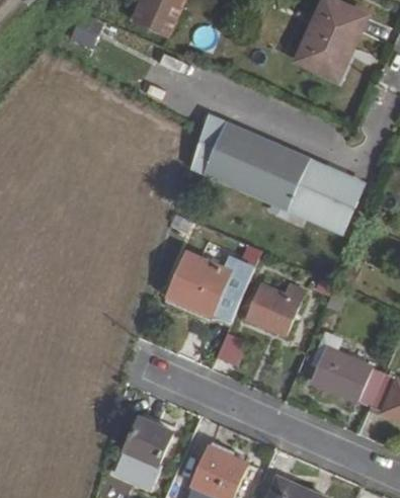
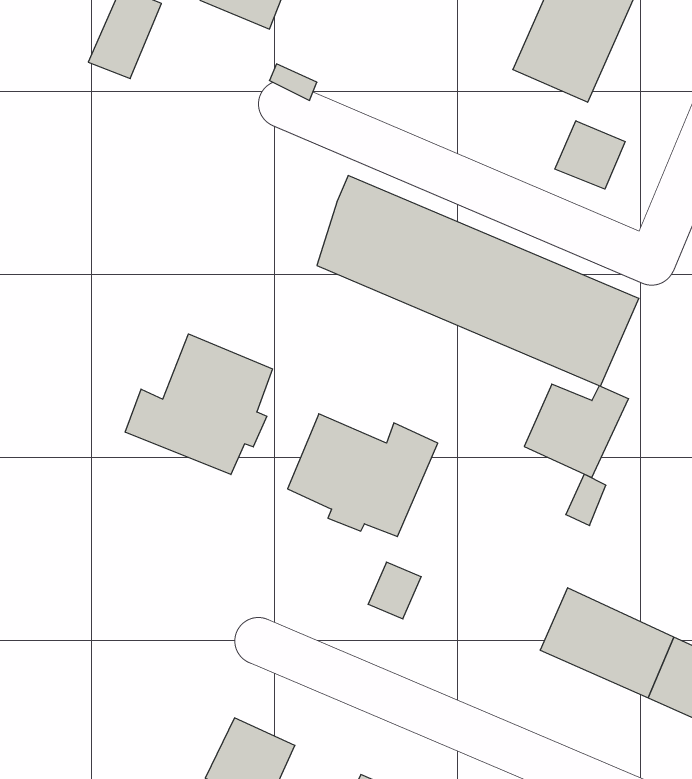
building: none -> [555,121,625,189]
building: none -> [125,334,272,475]
building: [246,283,304,335] -> [524,384,629,478]

